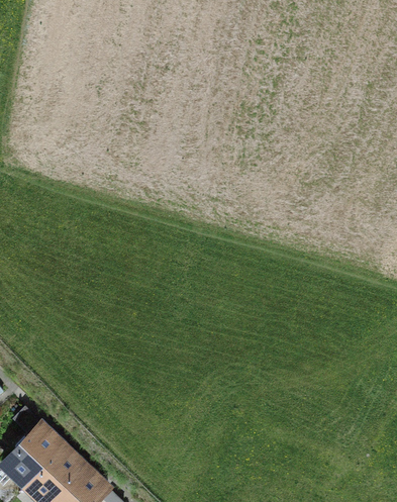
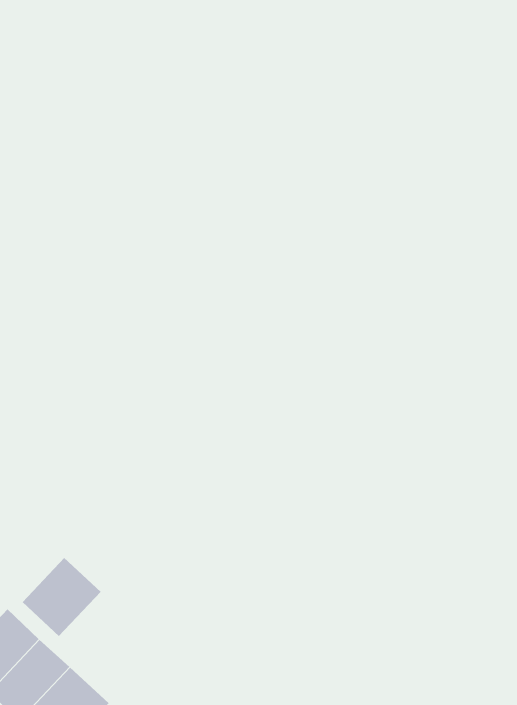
building: none -> [22,557,101,637]

